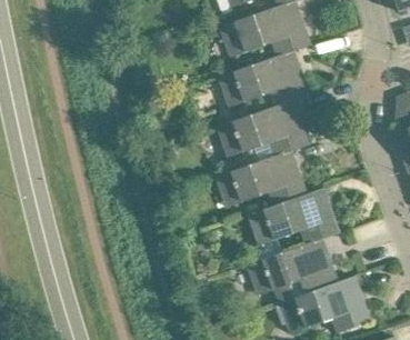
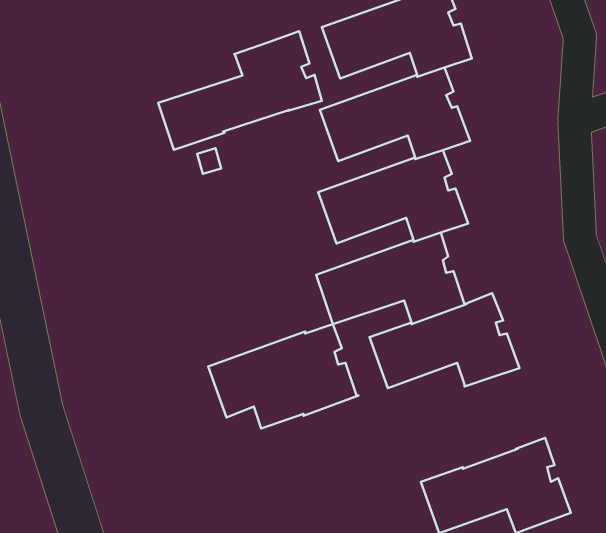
building: none -> [158,31,322,150]
building: [248,239,339,302] -> [208,324,358,429]

